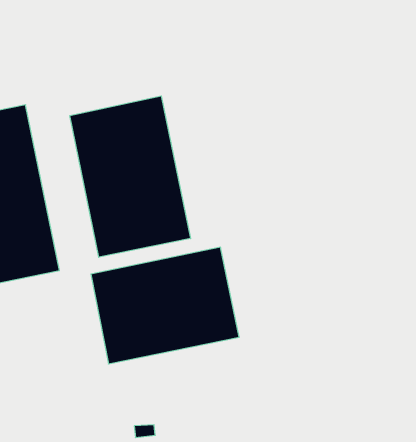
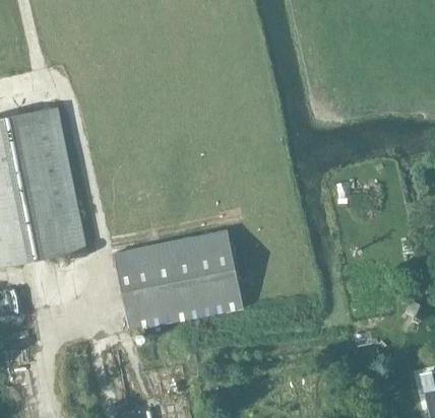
building: [70,96,191,257] -> none

